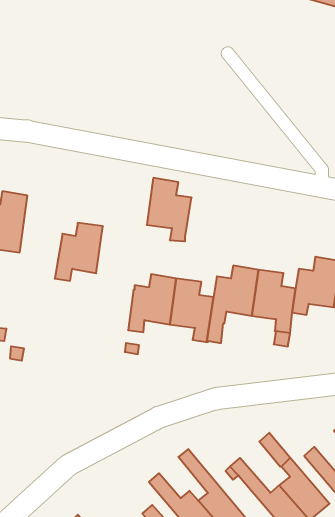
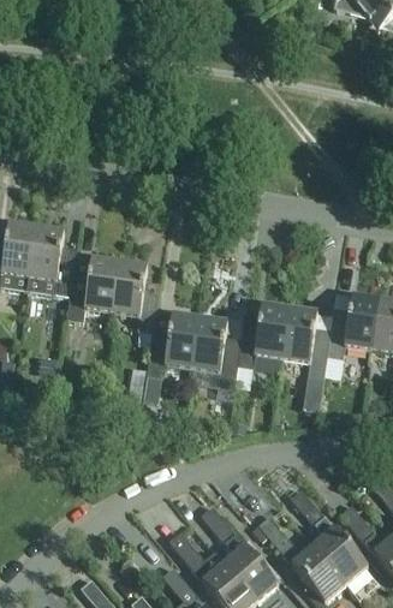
building: [147,178,192,241] -> [112,261,161,330]
building: none -> [28,227,78,297]

